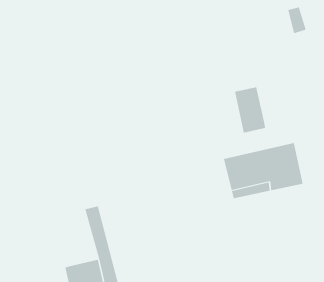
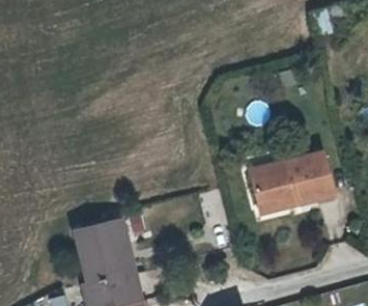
building: [235,86,266,133] -> none
building: none -> [76,223,120,282]

